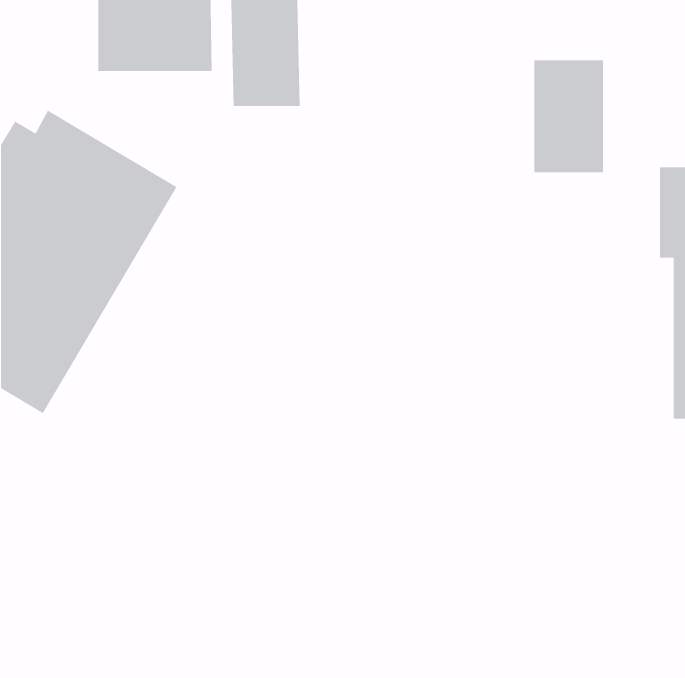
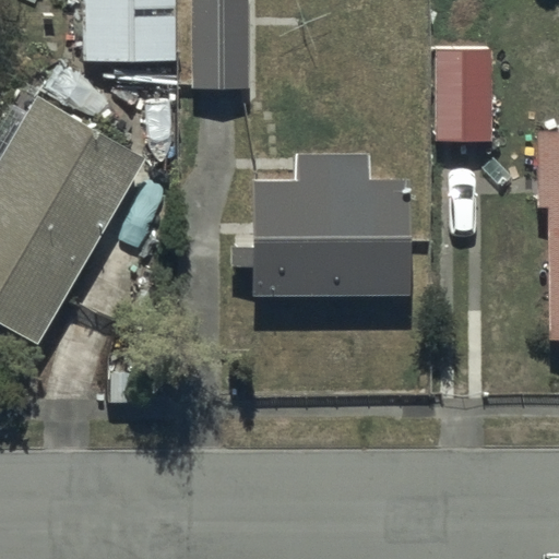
building: none -> [233,157,408,298]

